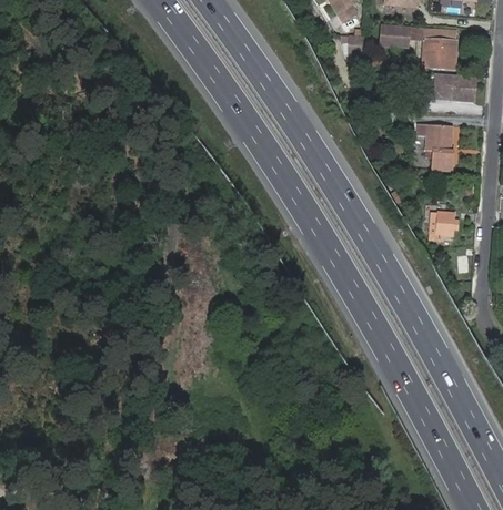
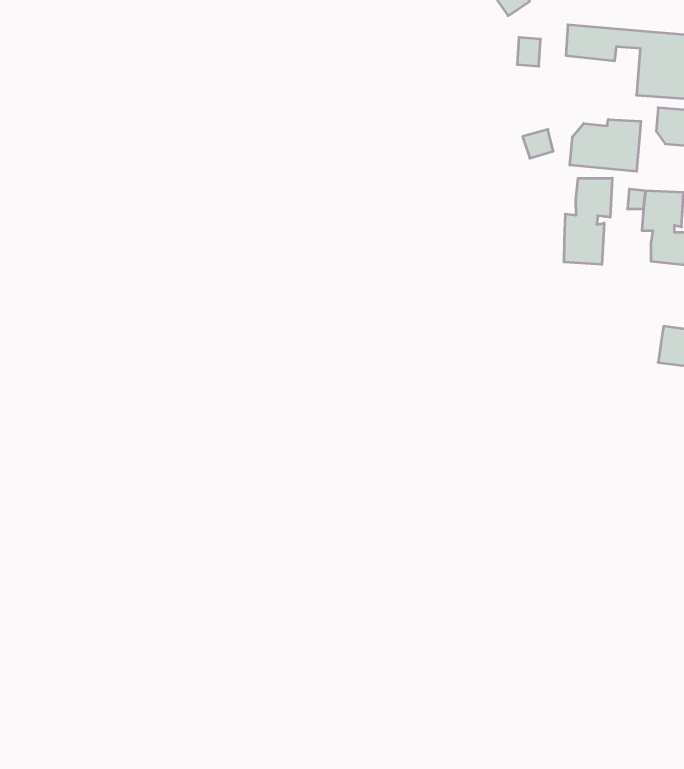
building: none -> [570,119,641,171]
building: none -> [564,178,612,265]

